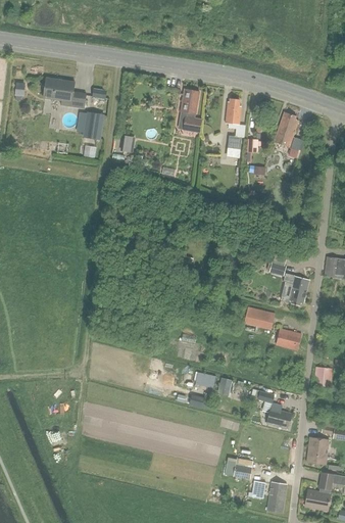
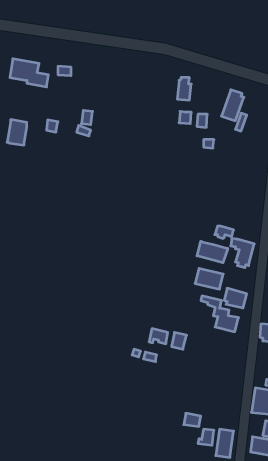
building: [180,90,201,131] -> none
building: [82,112,103,140] -> [7,120,27,145]
building: none -> [197,241,228,263]
building: [250,389,291,428] -> [201,296,239,332]

